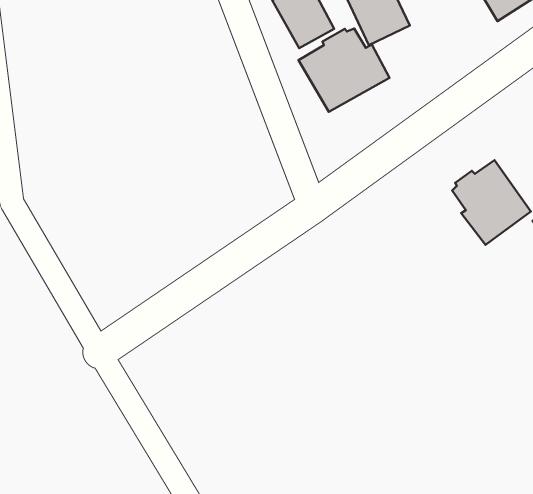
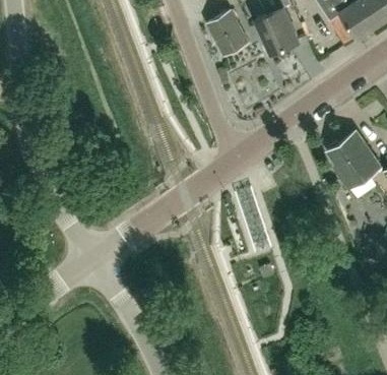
building: [298,28,389,112] -> none

